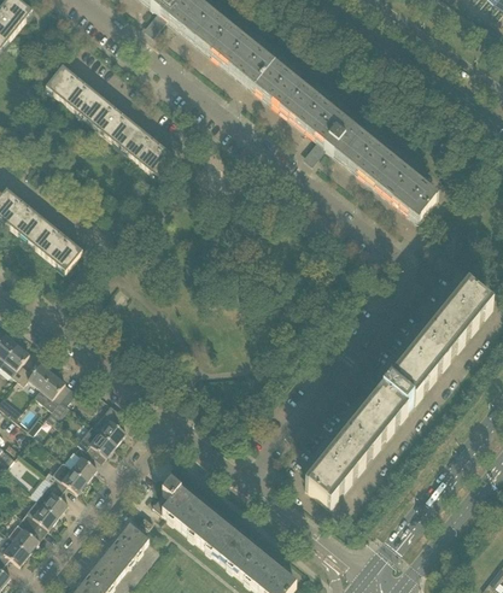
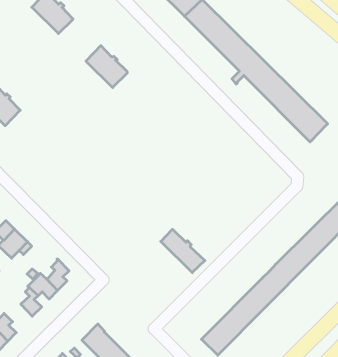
building: [83,95,139,147] -> none
building: [28,218,83,270] -> none
building: none -> [161,229,205,273]
building: [51,458,87,491] -> none

